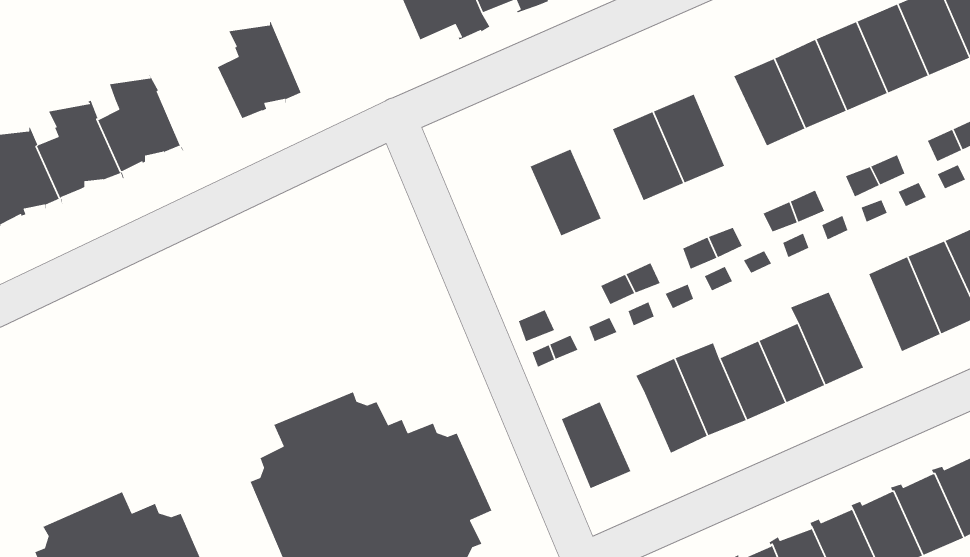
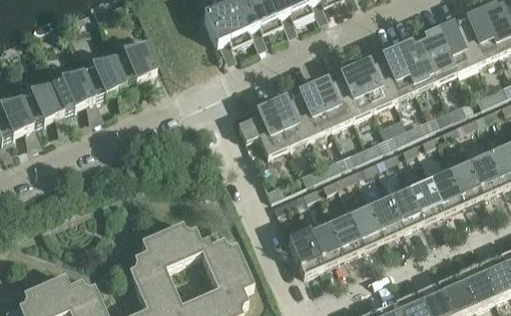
building: none -> [82,47,127,98]
building: none -> [357,62,394,108]
building: none -> [294,89,331,135]
building: none -> [237,108,289,154]
building: none -> [426,164,463,212]
building: none -> [309,224,345,265]

